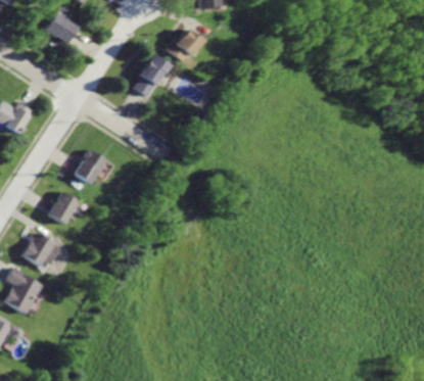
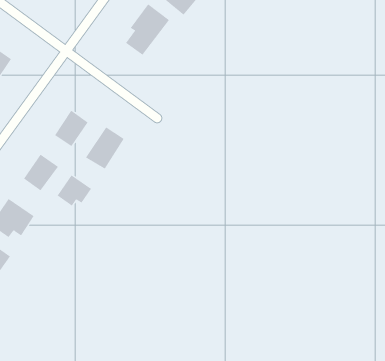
building: none -> [85,126,124,169]
building: none -> [57,174,92,206]

